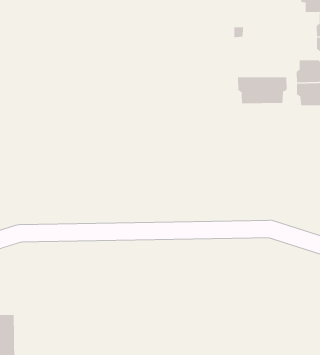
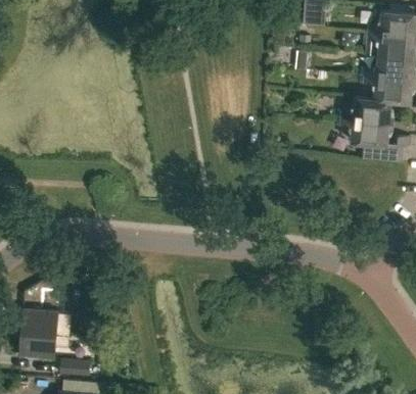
building: [237,76,287,104] -> none

